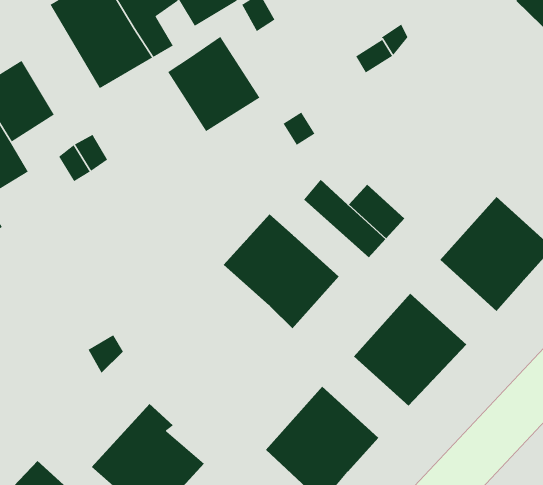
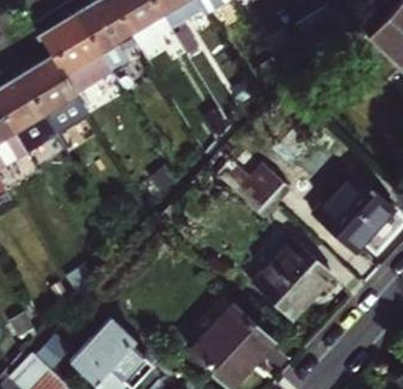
building: none -> [21,57,75,114]
building: [167,36,260,132] -> none
building: [223,214,339,329] -> none

